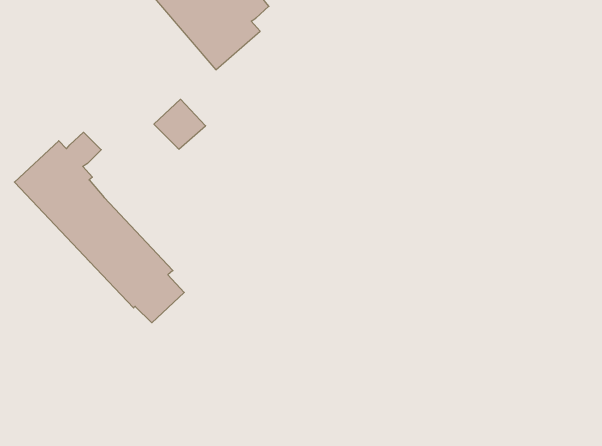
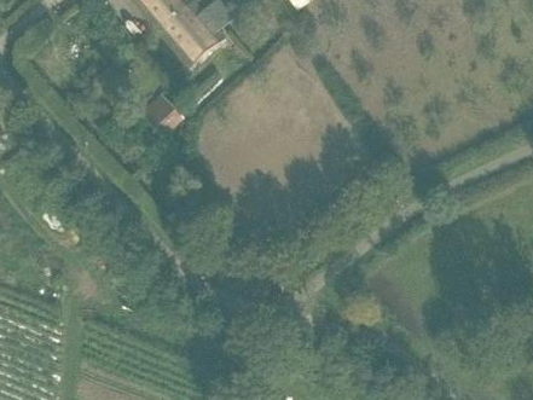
building: [14,132,184,323] -> none

